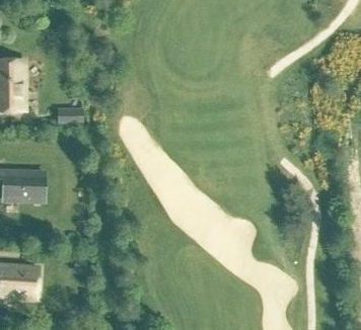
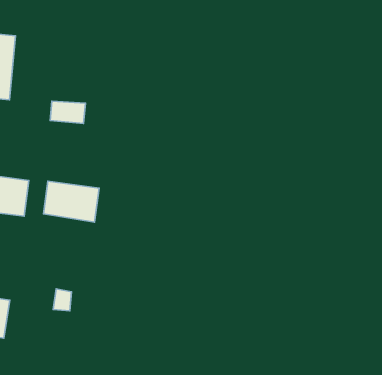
building: none -> [43,181,99,222]

